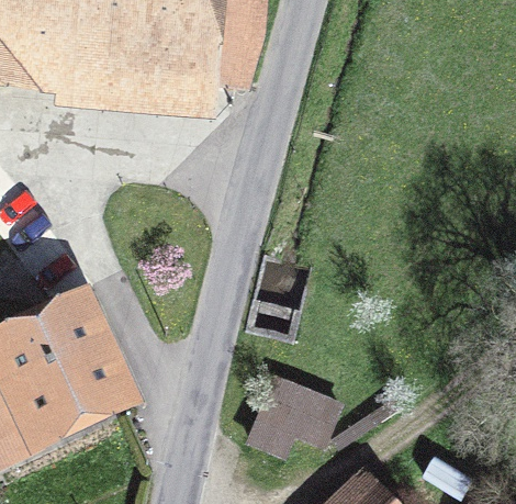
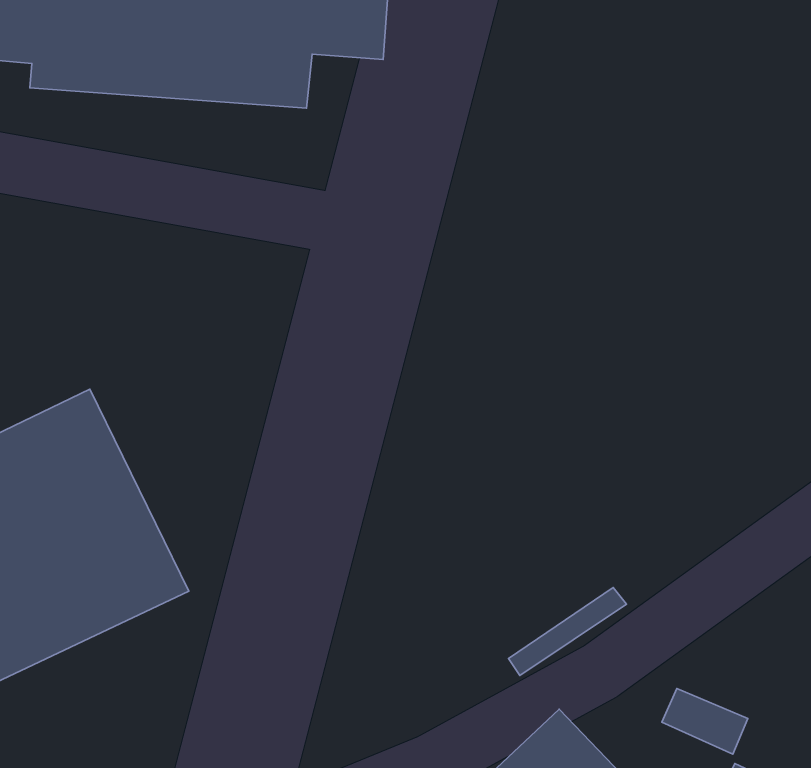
building: [243,373,341,459] -> none

